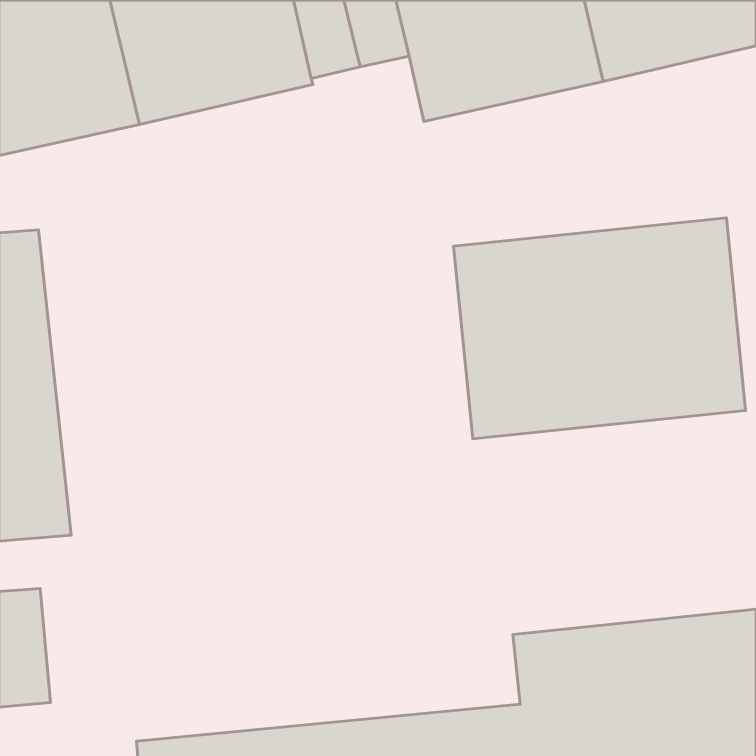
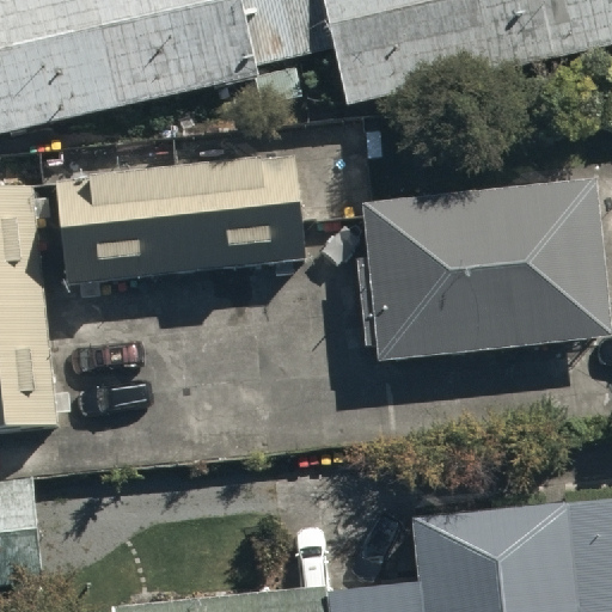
building: none -> [57,163,308,292]

